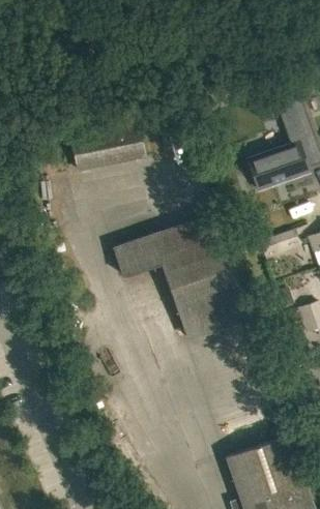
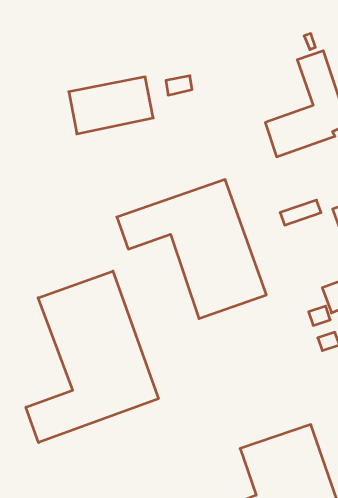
building: none -> [26,271,158,443]

